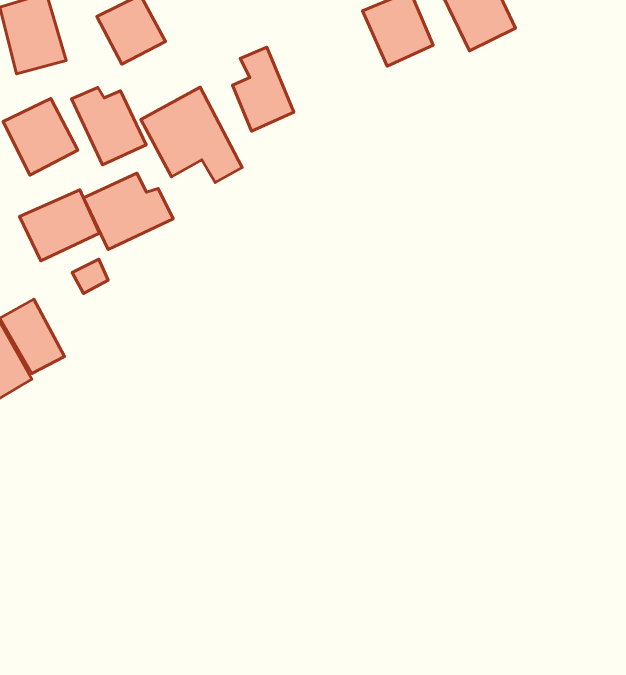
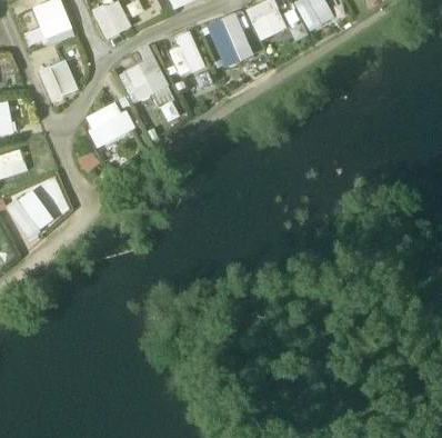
building: none -> [204,11,253,68]
building: [71,87,146,165] -> none
building: [20,190,100,261] -> none

